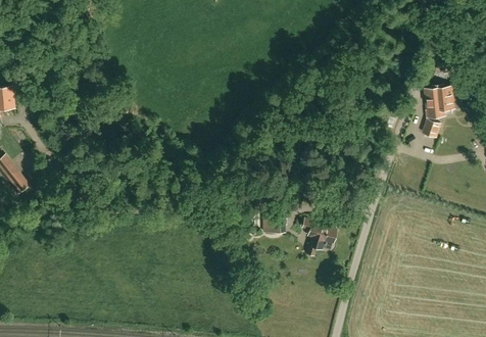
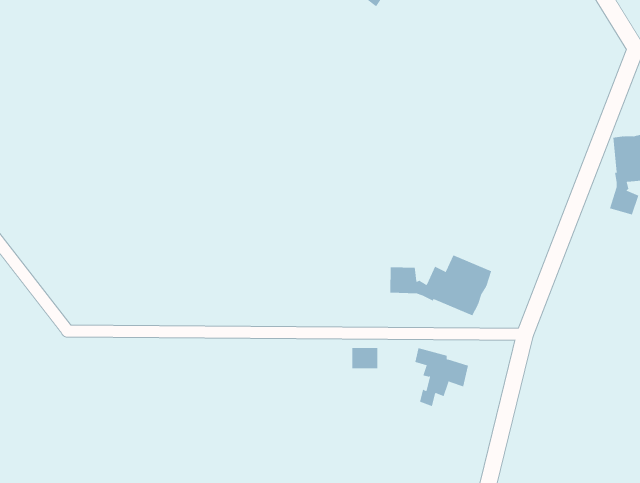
building: none -> [390,255,492,316]

